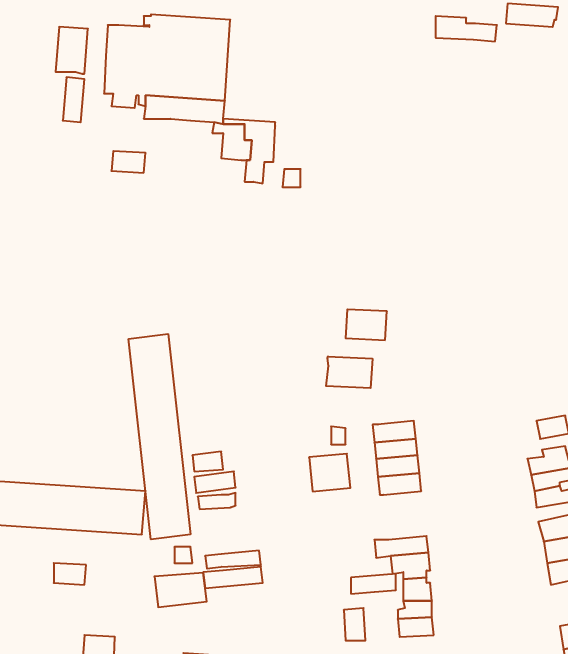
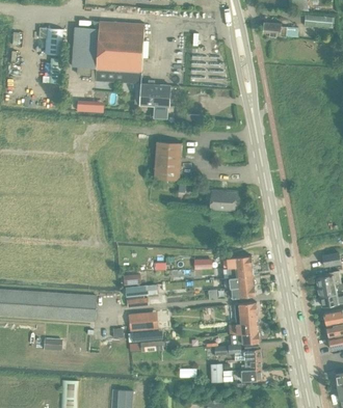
building: none -> [155,141,183,180]
building: [129,334,190,539] -> none
building: [326,356,372,388] -> none
building: [309,454,350,491] -> [235,302,259,324]
building: [154,573,207,607] -> [129,311,159,331]

